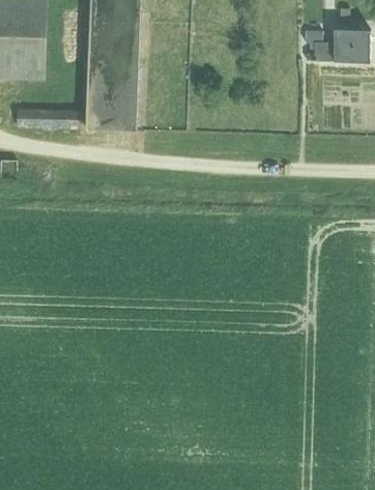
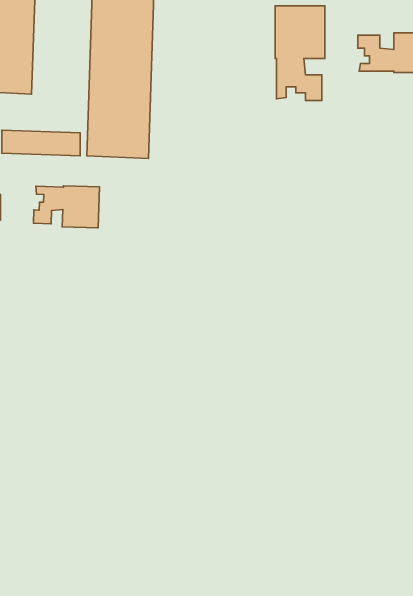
building: none -> [275,6,325,100]
building: none -> [34,186,100,228]

